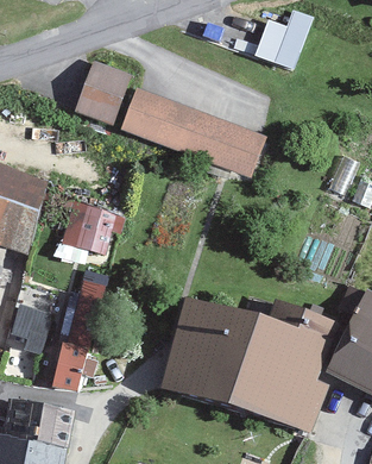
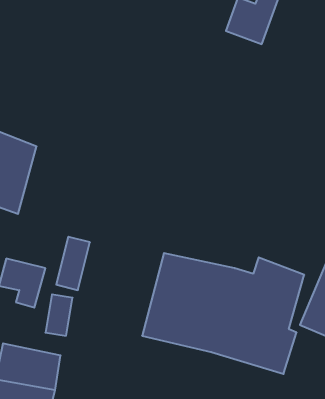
building: [74,61,128,123] -> none
building: [124,86,267,178] -> none
building: [75,203,119,255] -> none

